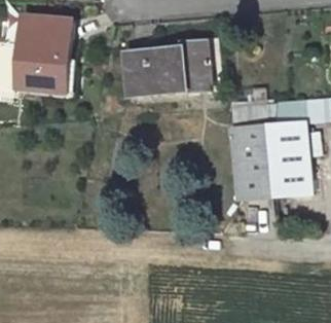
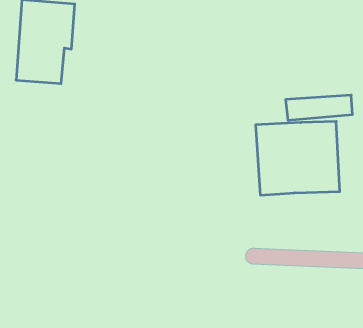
building: [126,41,210,95] -> none

